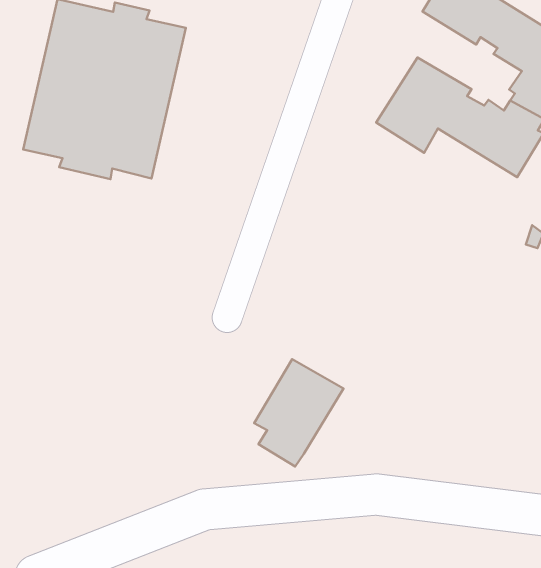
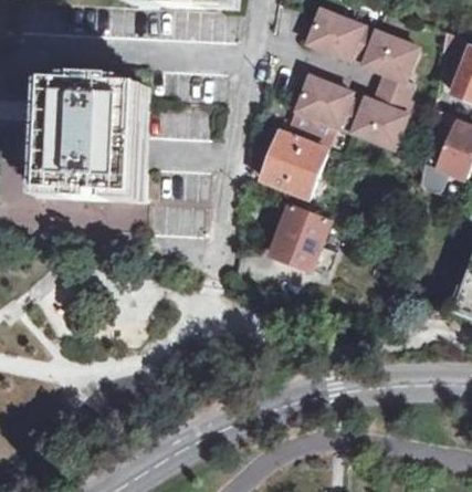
building: none -> [260,129,326,197]
building: [254,359,343,466] -> [270,202,328,278]

